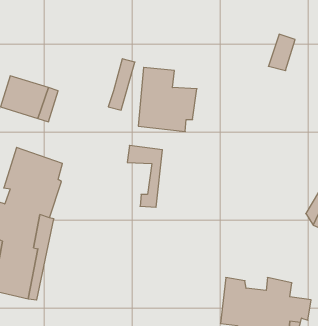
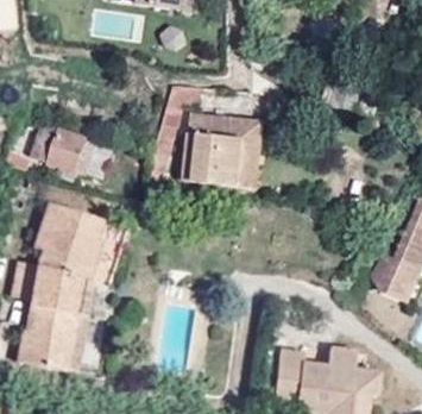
building: [127,145,162,207] -> [222,117,262,186]

